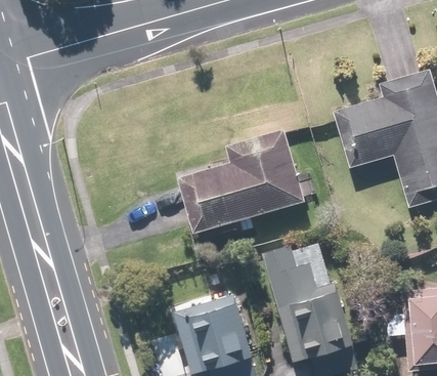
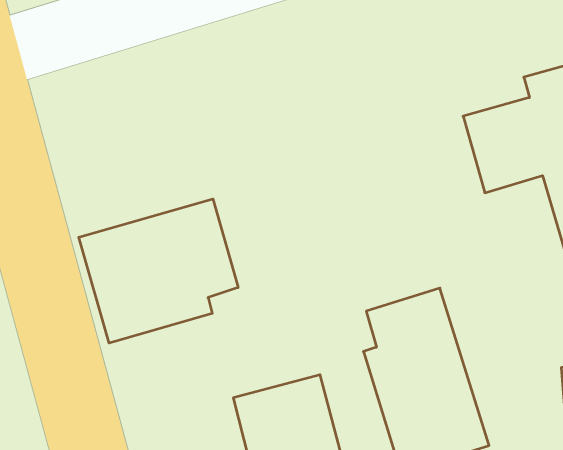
building: [175,132,320,233] -> none
building: none -> [79,199,238,343]

